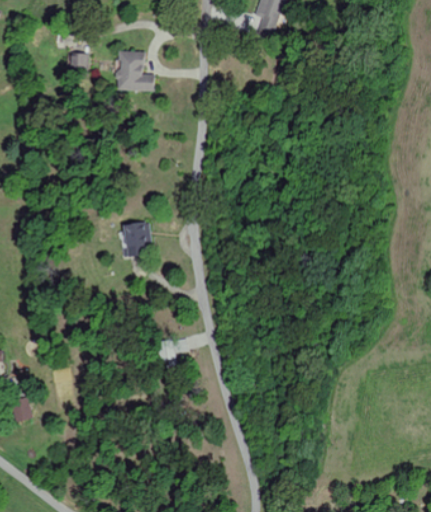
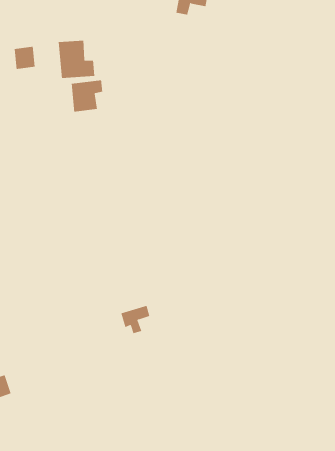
building: none -> [71,79,103,113]
building: [122,220,151,255] -> none

